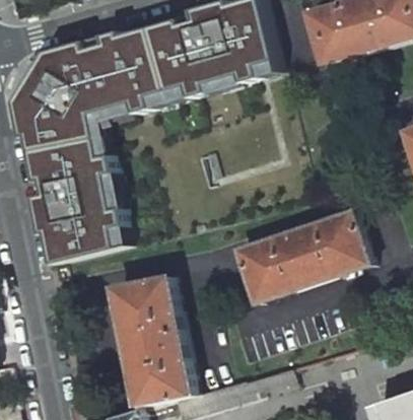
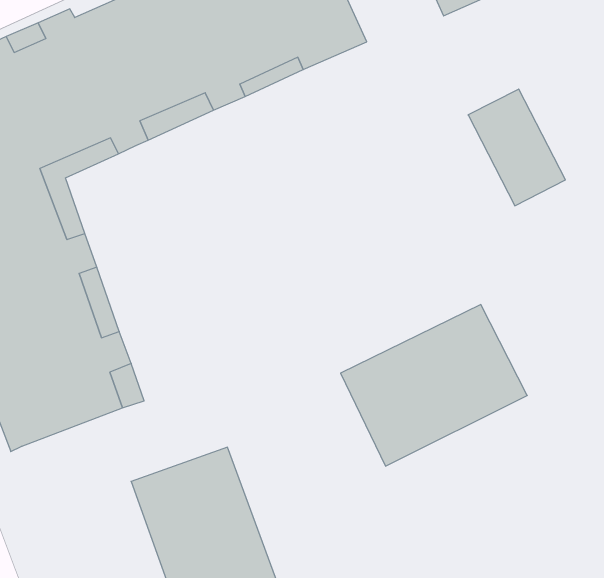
building: [317,212,364,275] -> [468,89,565,206]

